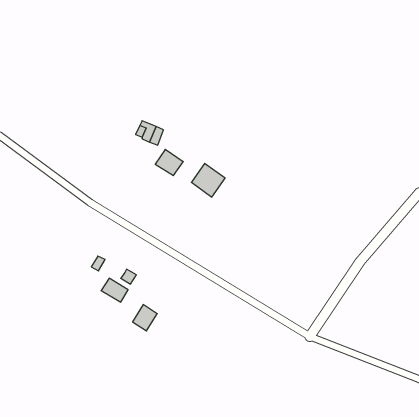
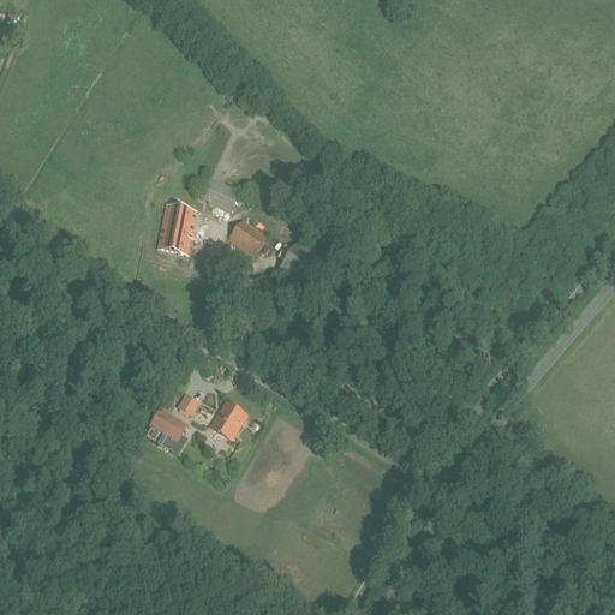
building: none -> [157,204,196,253]
building: [133,305,157,331] -> [210,401,246,440]

